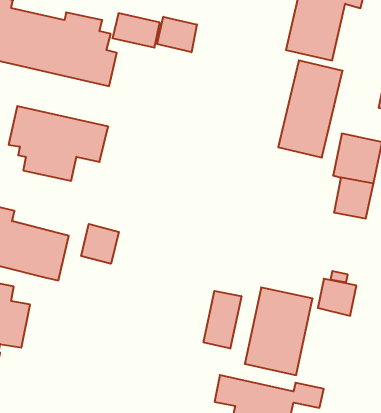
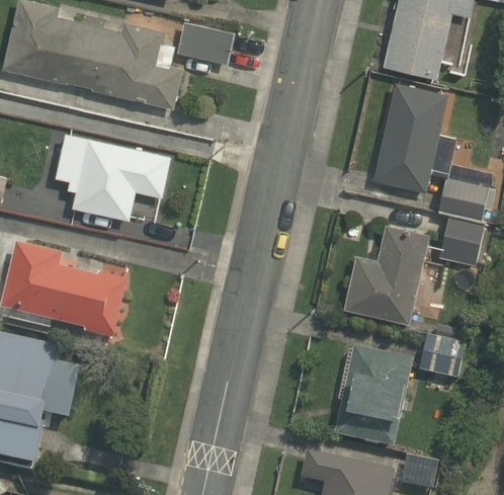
building: [157,17,197,52] -> none
building: none -> [342,223,430,325]
building: [81,224,119,264] -> none
building: [204,291,241,349] -> none

